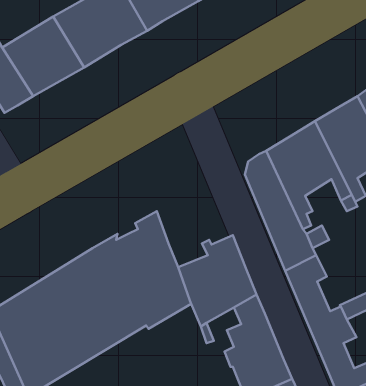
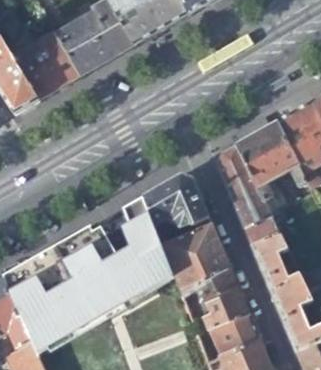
building: none -> [144,176,208,226]

